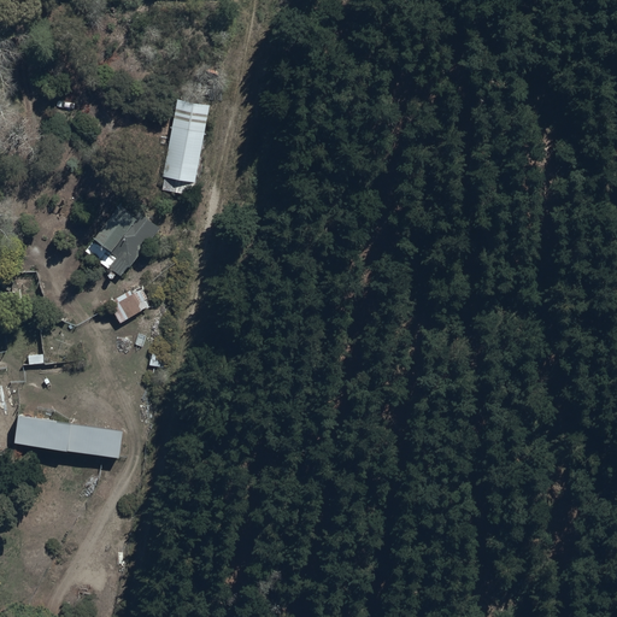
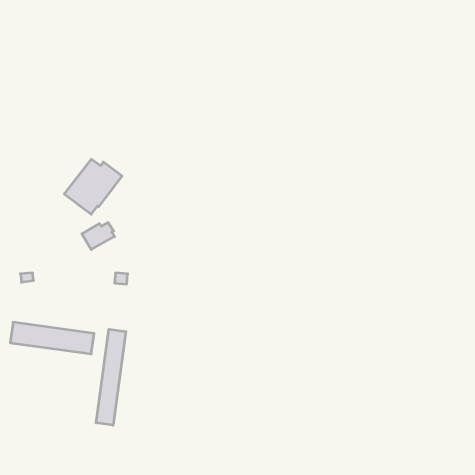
building: [160,99,207,194] -> none
building: none -> [96,329,126,425]

